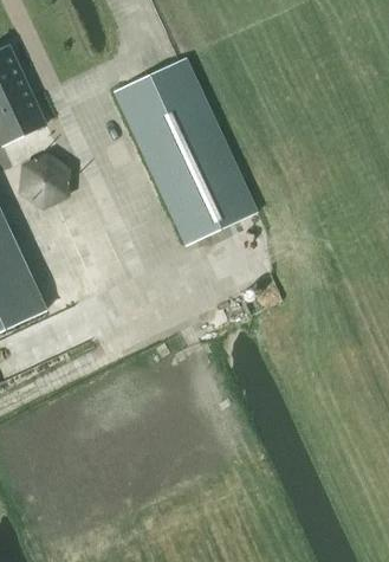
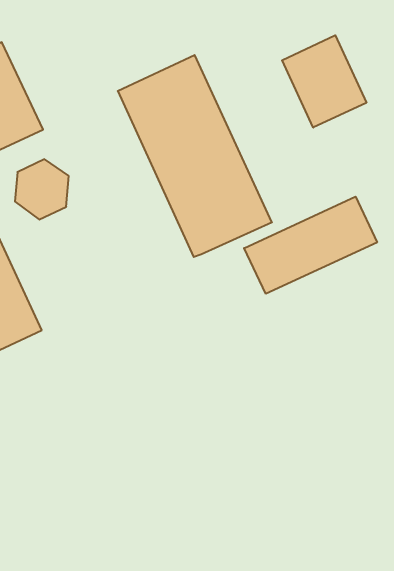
building: none -> [282,35,366,128]
building: none -> [244,197,377,294]

